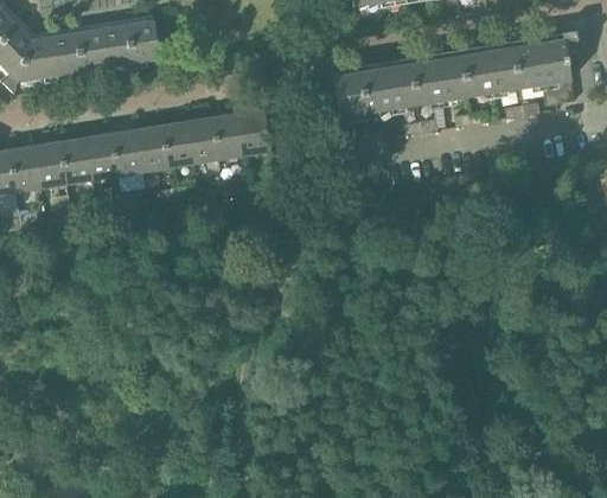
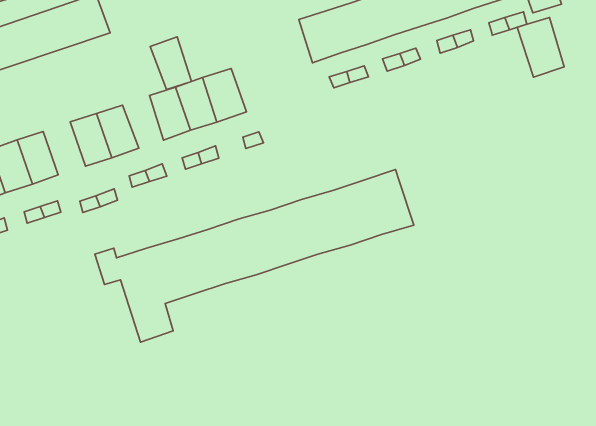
building: none -> [517,18,564,77]
building: [160,121,192,167] -> [150,37,191,90]
building: [84,133,117,179] -> none
building: none -> [95,170,414,342]

